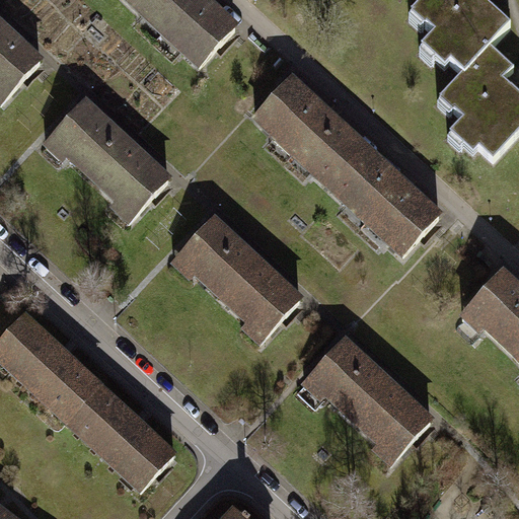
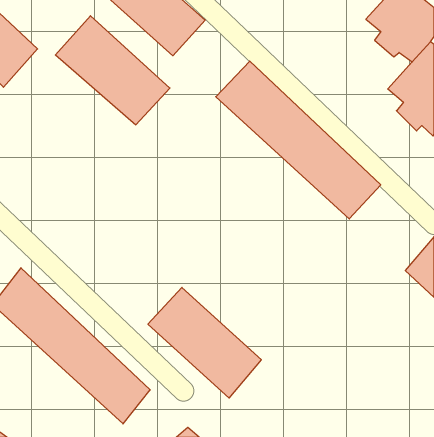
building: [39,90,171,217] -> [55,16,170,125]
building: [170,213,302,342] -> [148,287,261,398]
building: [300,332,433,464] -> none

